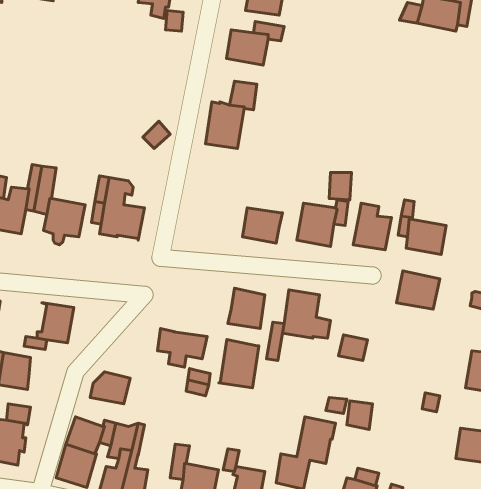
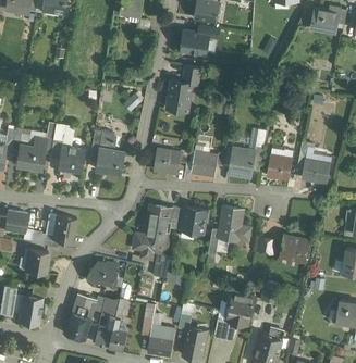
building: none -> [155,149,182,175]
building: [396,271,440,309] -> [280,236,309,262]
building: [219,340,259,388] -> [145,206,172,239]

